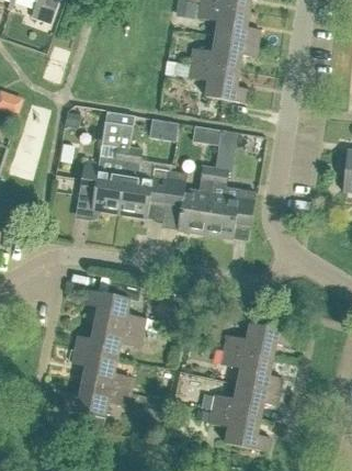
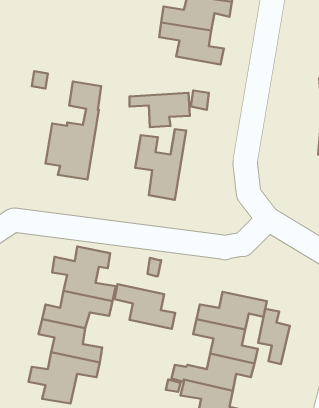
building: [118,147,170,218] -> none
building: [203,167,254,238] -> none
building: none -> [115,284,175,329]
building: none -> [258,309,290,364]

